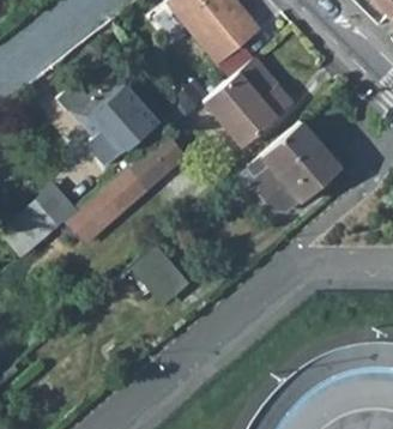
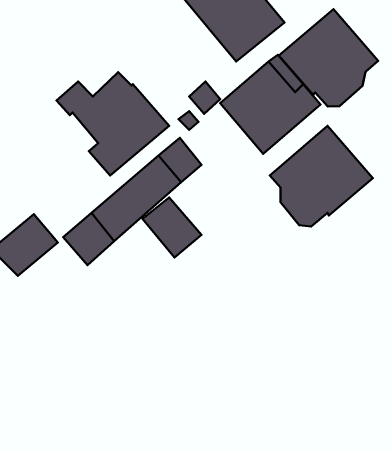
building: none -> [279,9,378,107]
building: [133,248,186,302] -> [142,197,201,258]

